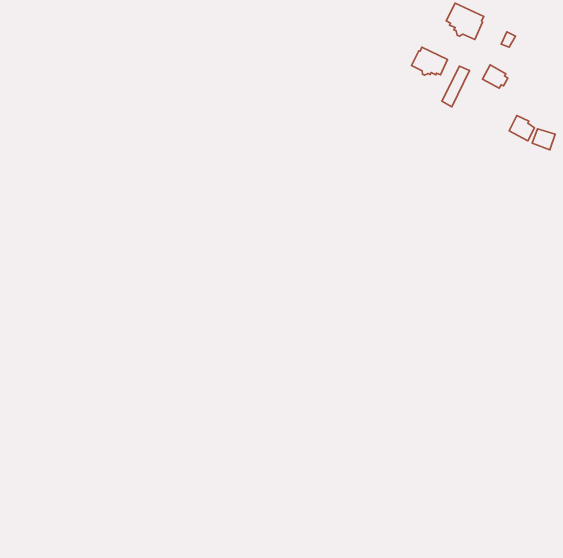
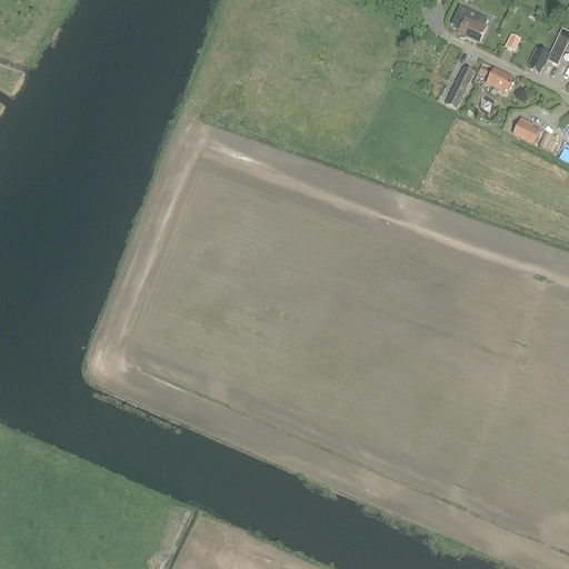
building: none -> [529,44,563,71]
building: [411,47,447,75] -> none

